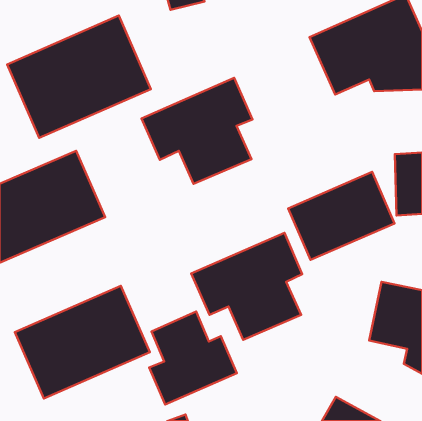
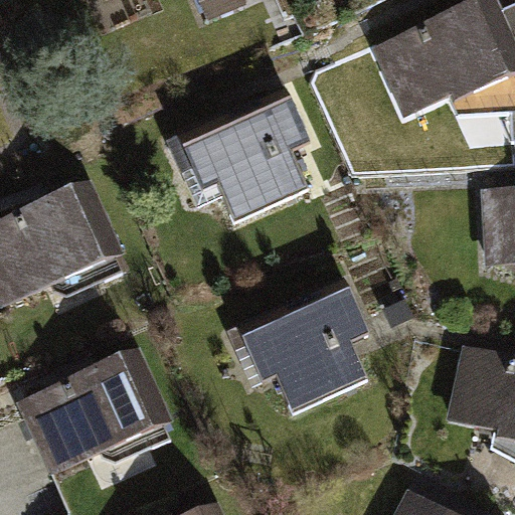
building: [7,16,151,138] -> none
building: [288,172,395,260] -> none
building: [149,312,237,404] -> none

